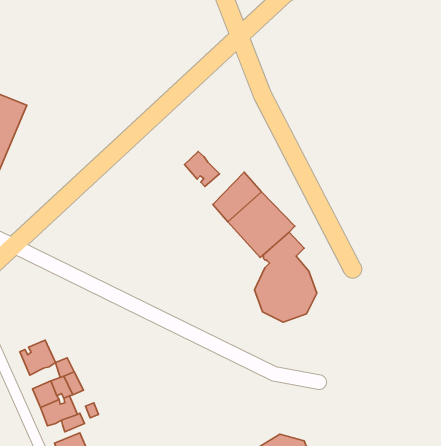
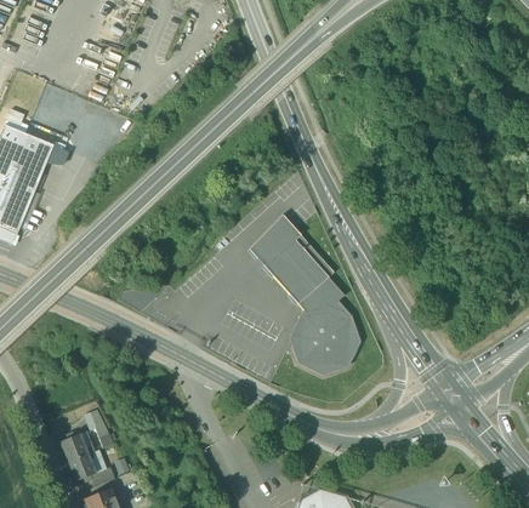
building: [184,151,220,187] -> none
building: [20,340,56,375] -> none

